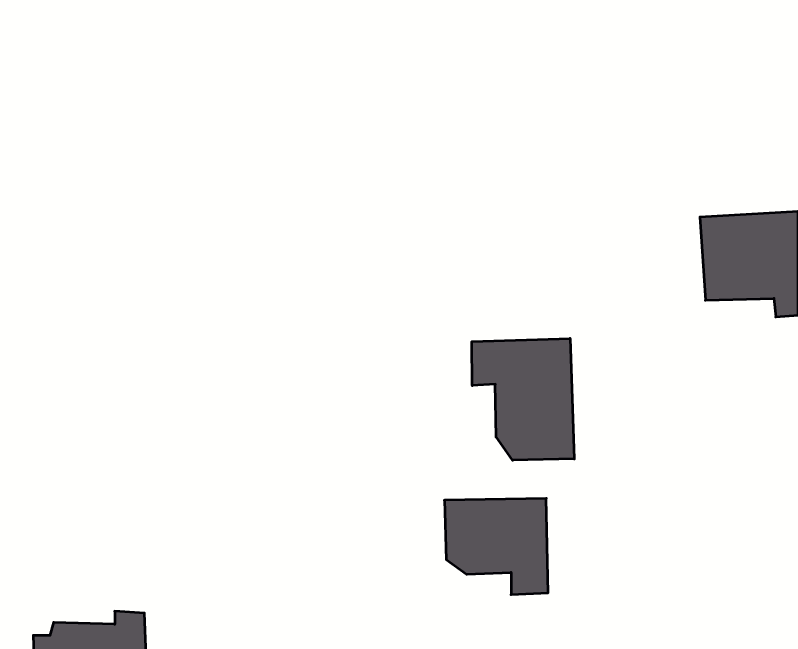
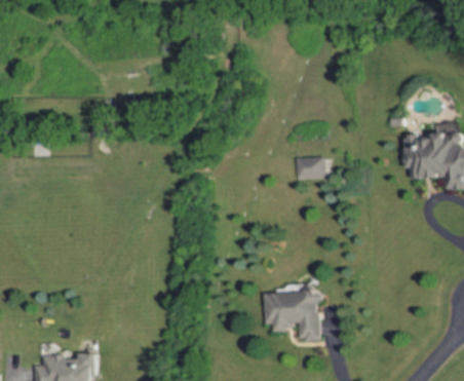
building: none -> [294,156,325,179]
building: [472,338,574,460] -> none

